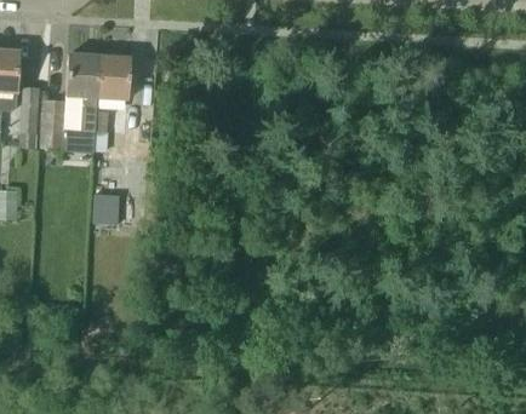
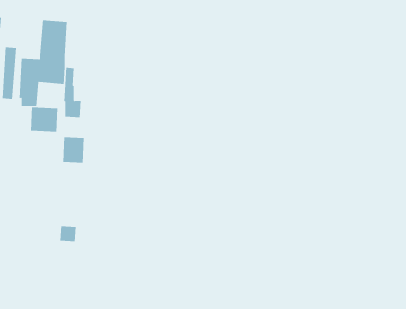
building: [96,54,130,98] -> none
building: none -> [31,107,58,133]

